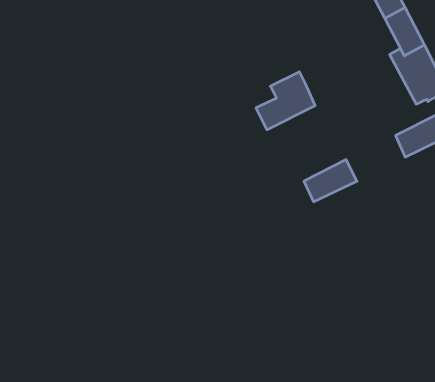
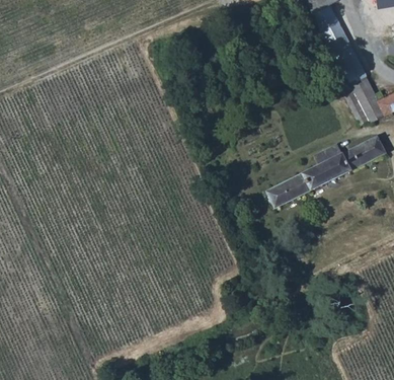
building: [256,72,315,130] -> [301,142,350,191]

